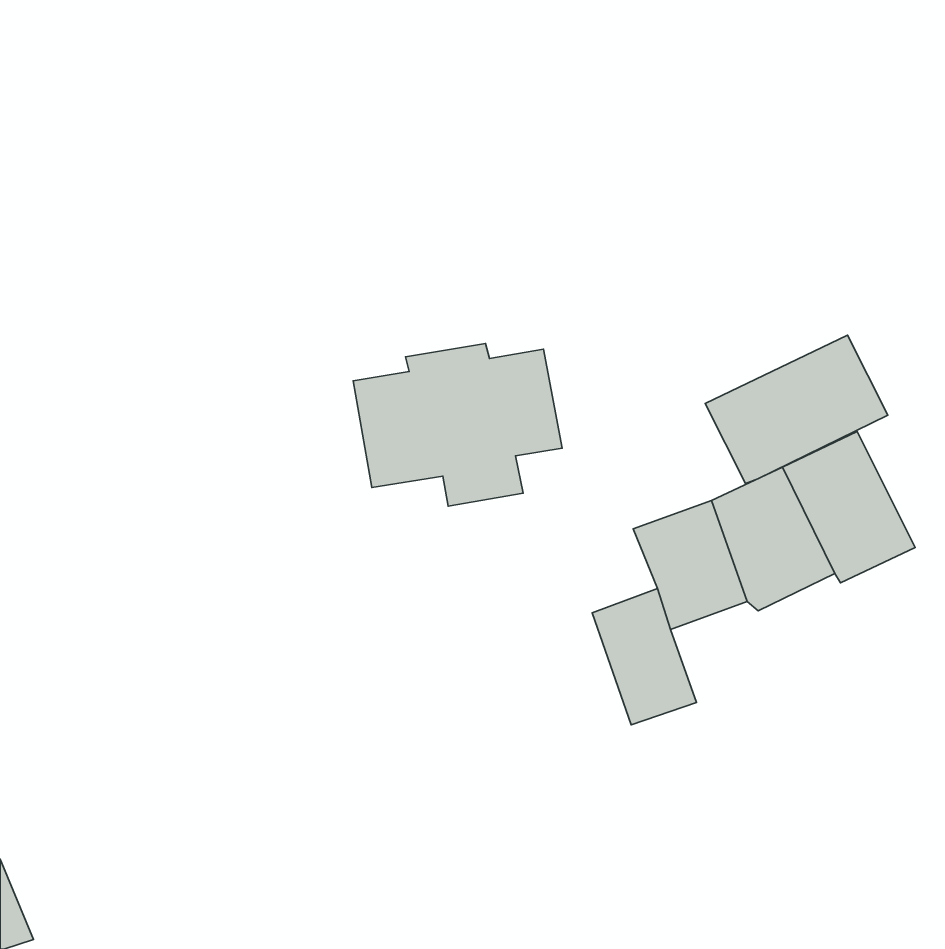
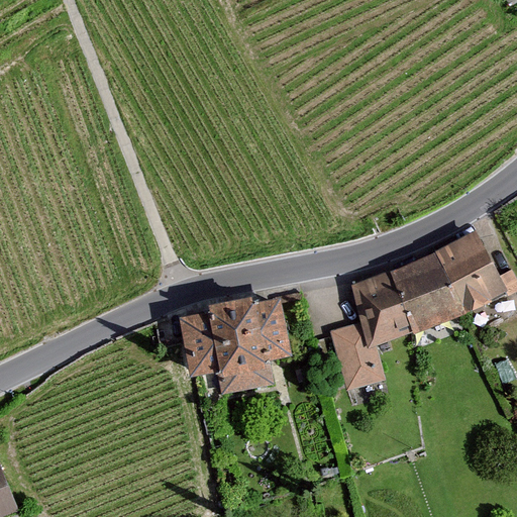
building: [705,335,888,484] -> none
building: [353,344,562,506] -> [186,304,299,392]

